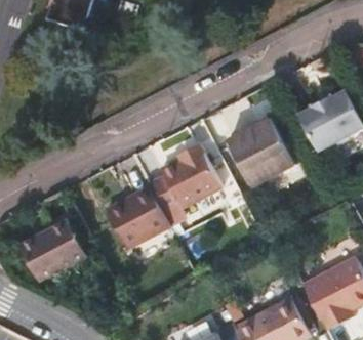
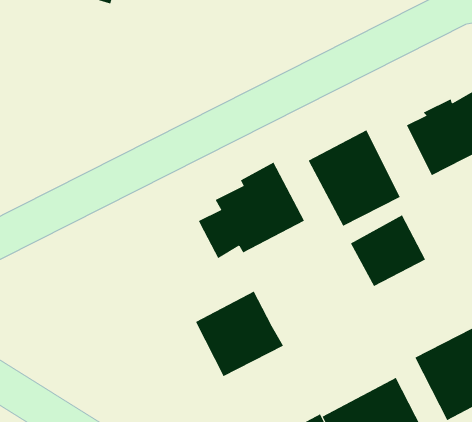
building: none -> [350,215,426,287]
building: [105,185,169,248] -> [195,291,284,377]
building: [18,219,85,281] -> none

